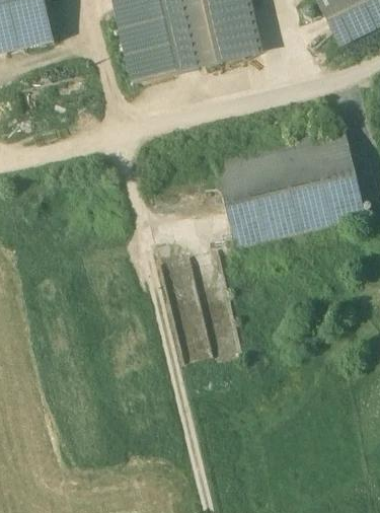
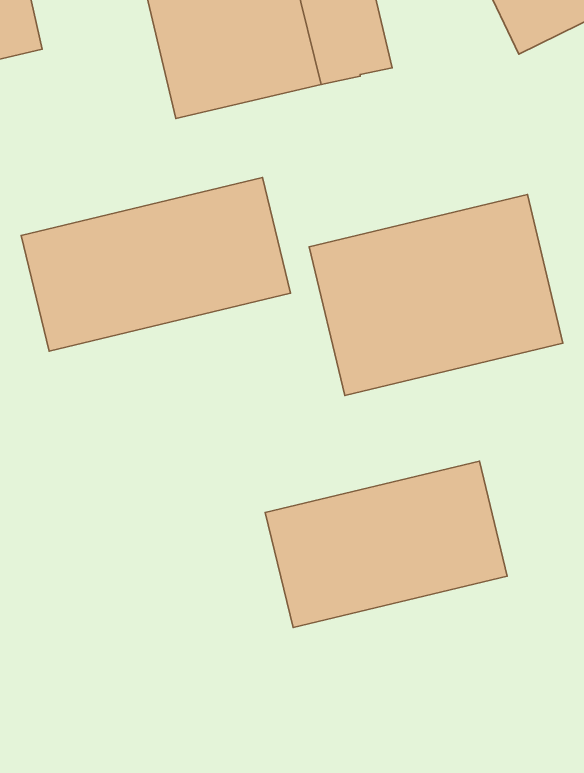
building: none -> [21,178,291,351]
building: none -> [265,461,507,628]

